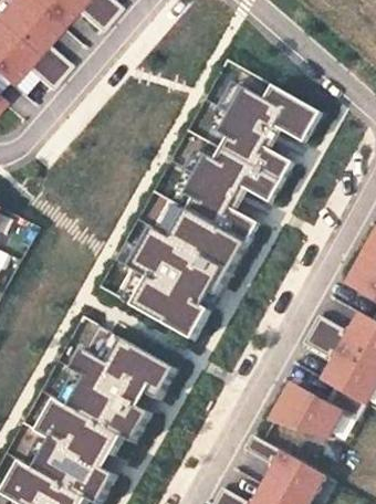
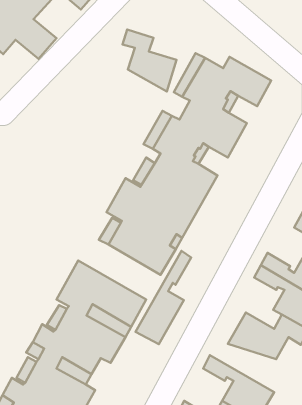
building: none -> [122,30,176,91]
building: none -> [135,251,191,344]

